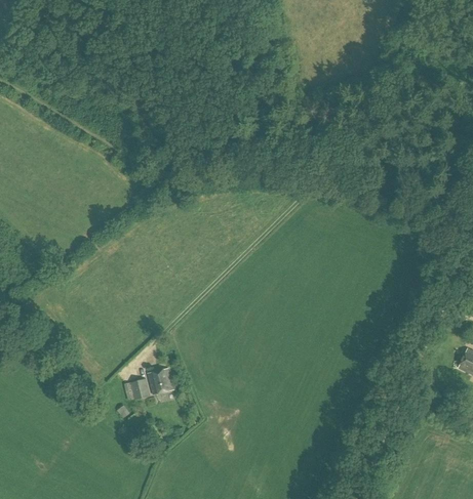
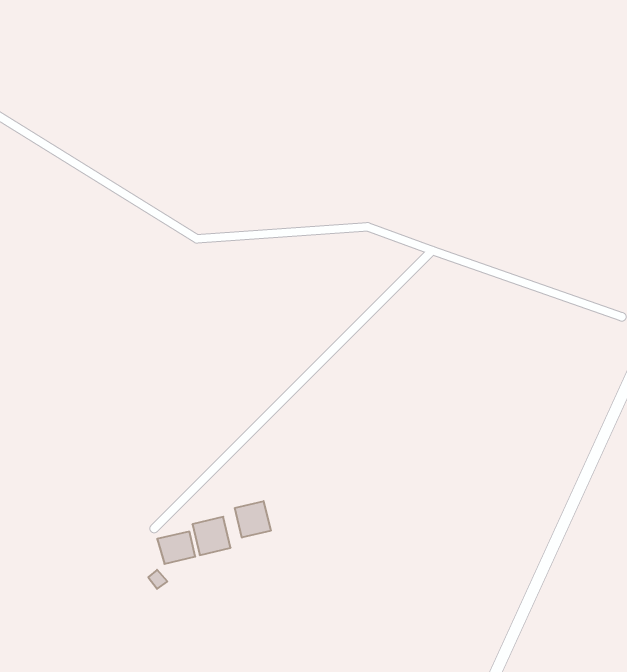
building: none -> [235,501,271,538]

